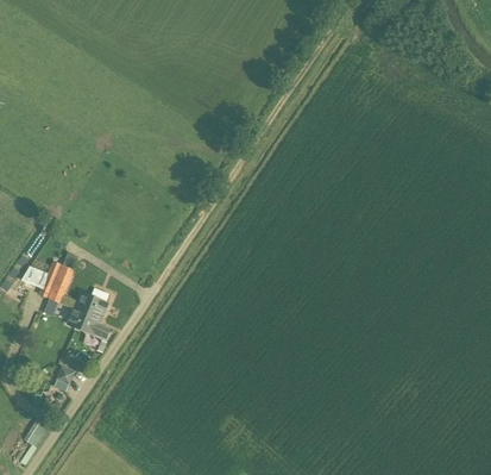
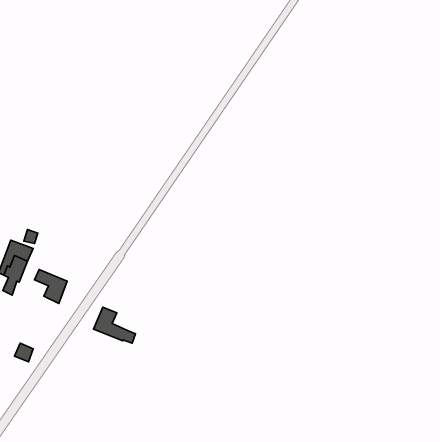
building: [67,302,109,339] -> [93,307,136,343]

